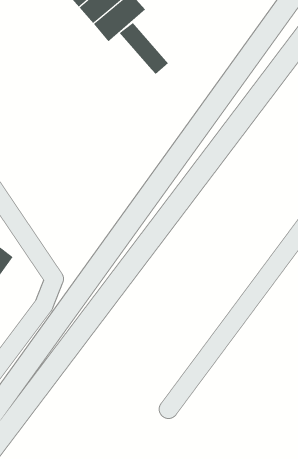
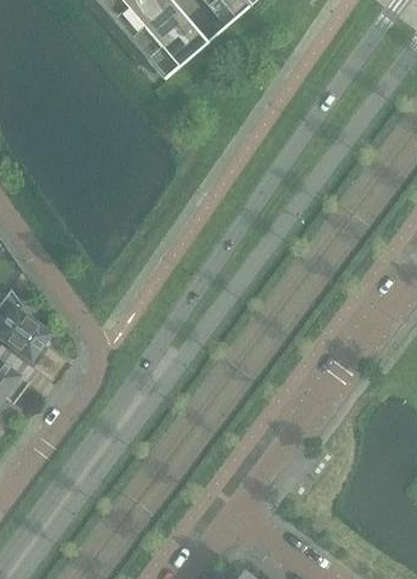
building: [119,22,169,75] -> none

